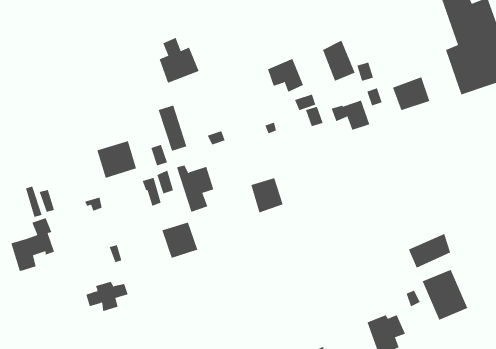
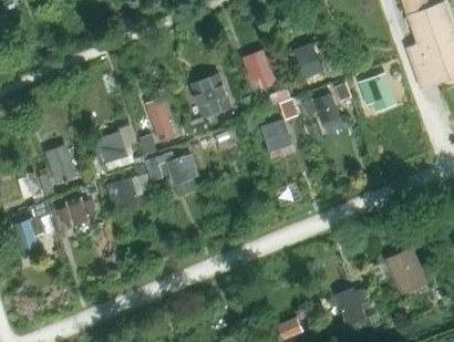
building: [159,37,199,84] -> [195,75,231,117]
building: none -> [48,149,78,183]
building: [250,178,284,213] -> [261,120,291,152]
building: [162,222,198,258] -> [106,177,140,210]
building: [408,233,451,268] -> none
building: [85,281,128,312] -> [58,197,96,225]

